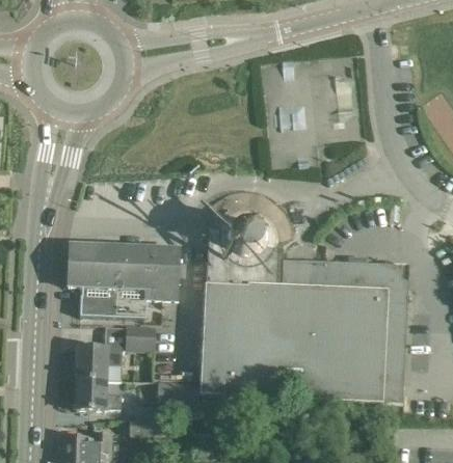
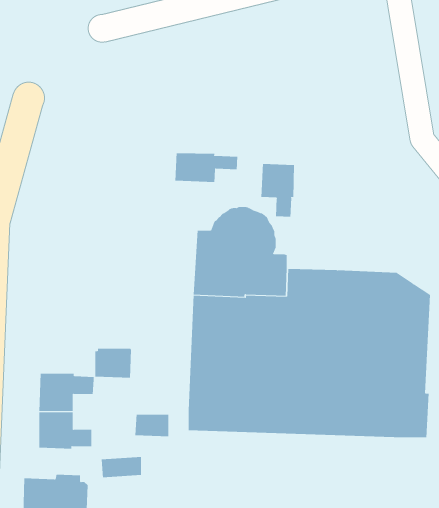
building: none -> [175,152,238,183]
building: none -> [261,163,294,217]
building: [68,243,179,317] -> none

